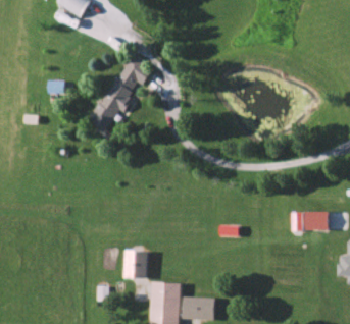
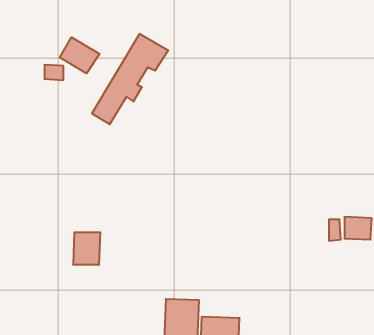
building: none -> [60,37,100,73]
building: [124,251,148,278] -> [73,232,100,265]

